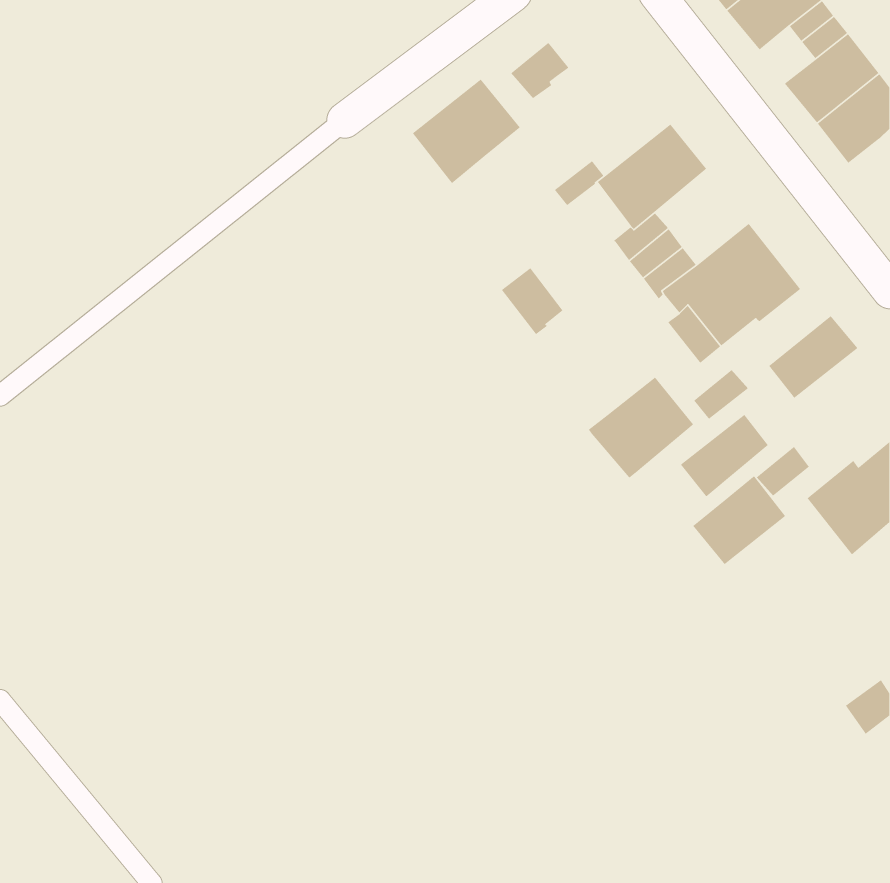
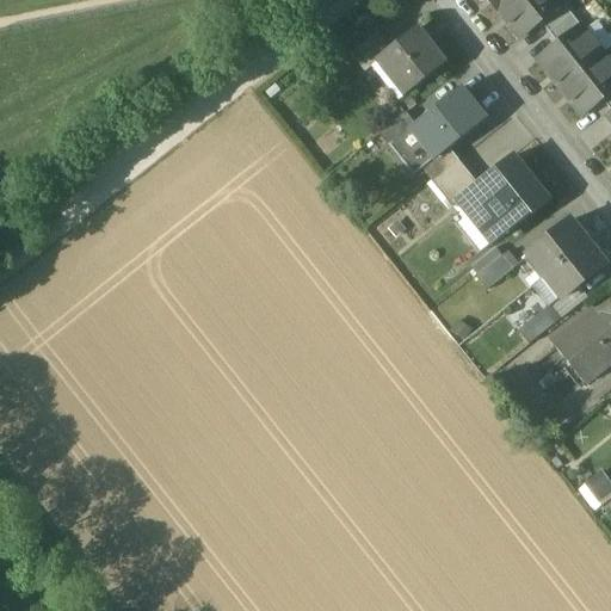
building: none -> [382,24,443,87]
building: [412,79,521,184] -> none
building: [501,267,564,335] -> [389,125,432,172]
building: [588,377,694,480] -> none
building: [680,414,769,498] -> [544,239,605,296]
building: [692,475,786,565] -> none

